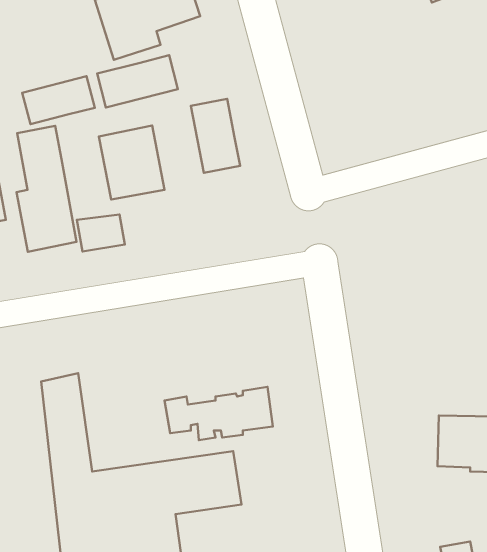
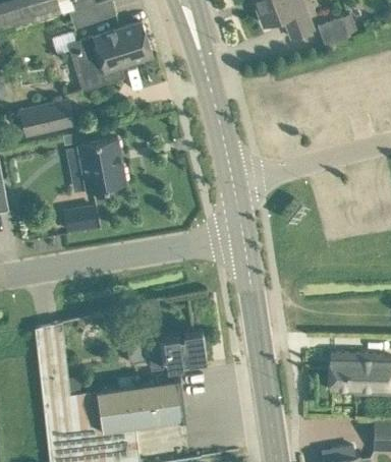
building: [97,55,178,108] -> none
building: [191,99,240,173] -> none
building: [16,126,77,252] -> none

